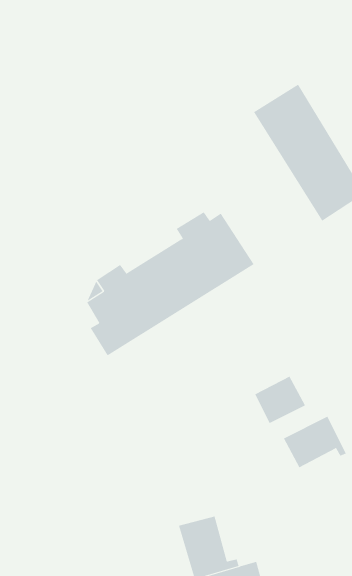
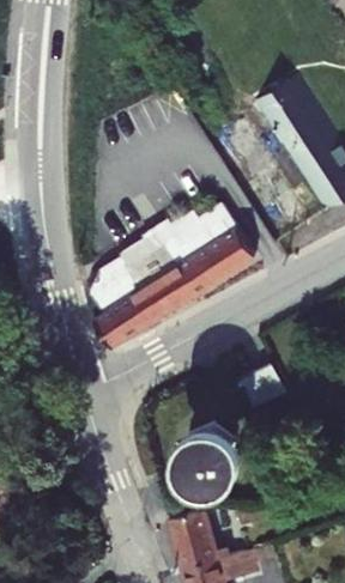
building: [283,416,346,468] -> none
building: none -> [177,430,224,484]

